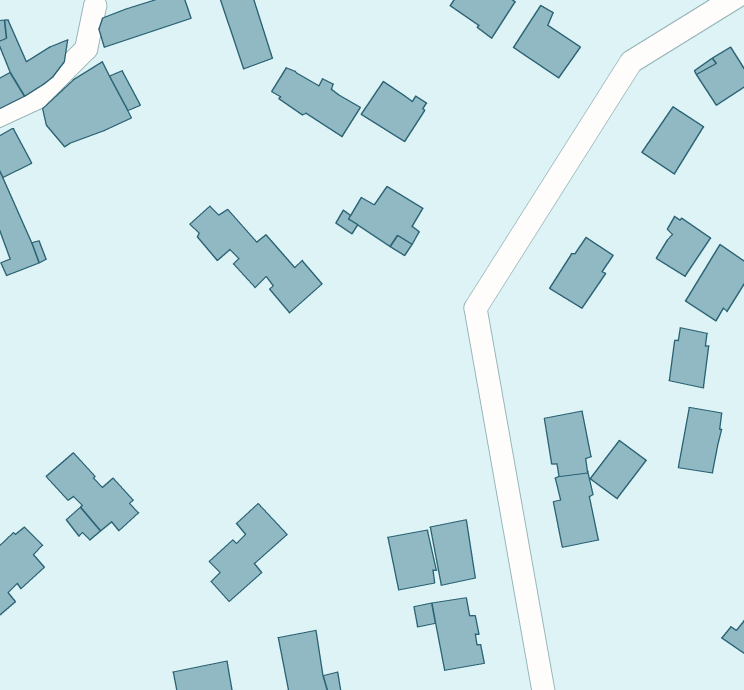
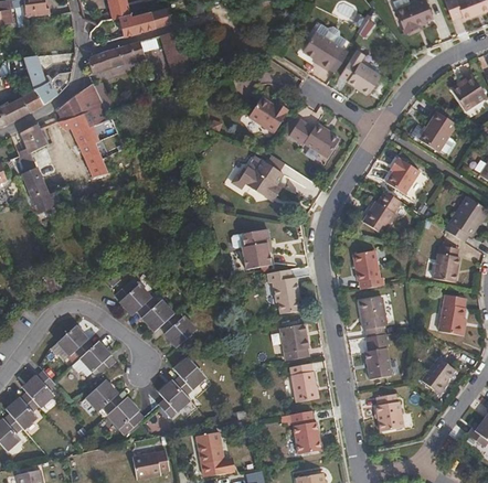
building: [272,68,360,137] -> [284,116,338,158]
building: none -> [70,126,106,178]
building: [190,206,322,313] -> [112,278,192,343]
building: [656,216,711,276] -> [389,159,422,195]
building: none -> [242,229,272,268]
building: none -> [353,250,380,281]
building: none -> [267,269,299,313]
building: [590,441,646,499] -> [421,357,455,393]
building: [388,530,437,590] -> [279,324,309,361]
building: none -> [83,376,140,429]
building: none -> [376,394,404,431]

